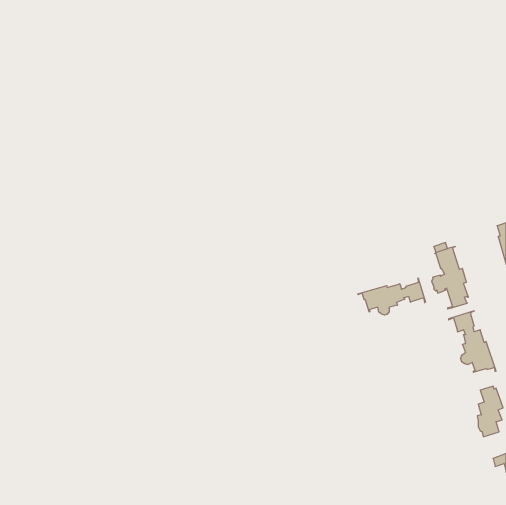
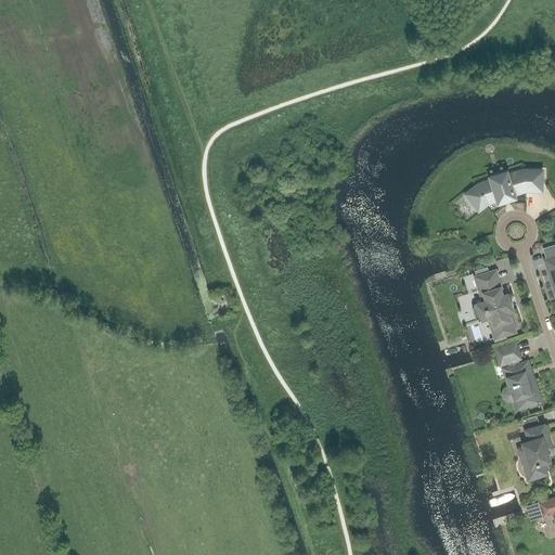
building: none -> [466,169,542,209]
building: [358,278,426,315] -> none

